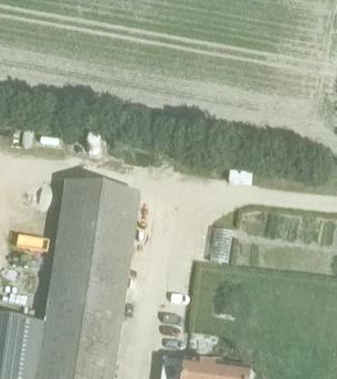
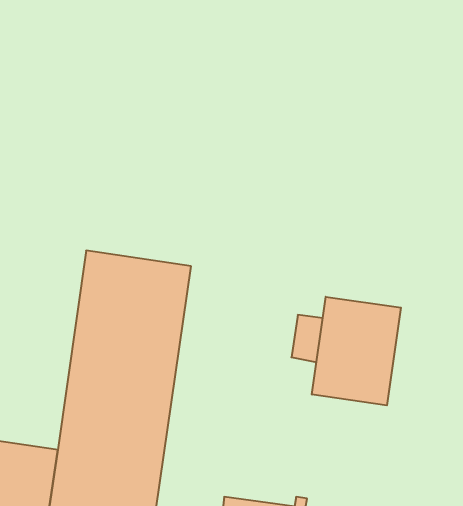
building: none -> [312,297,401,405]

